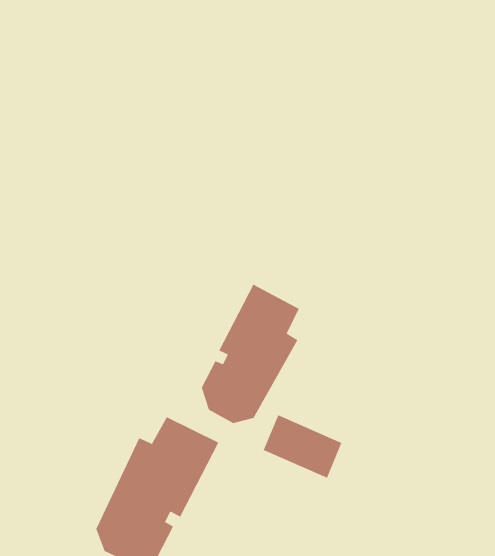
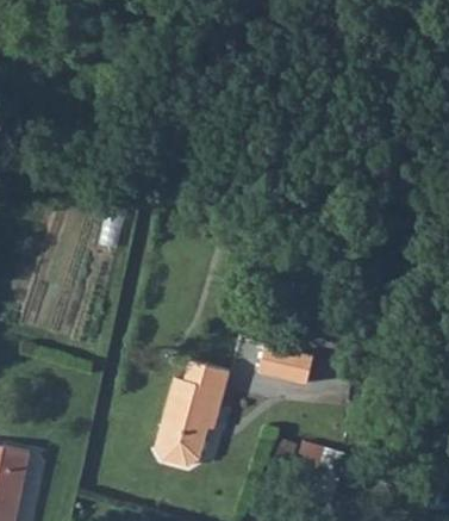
building: [201,284,299,424] -> none

